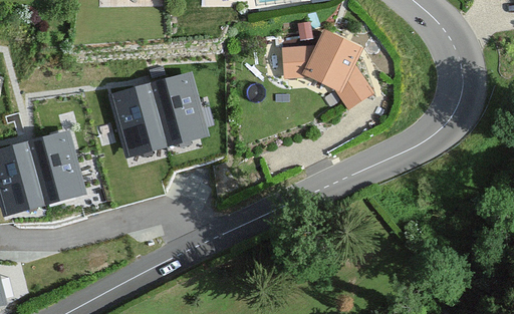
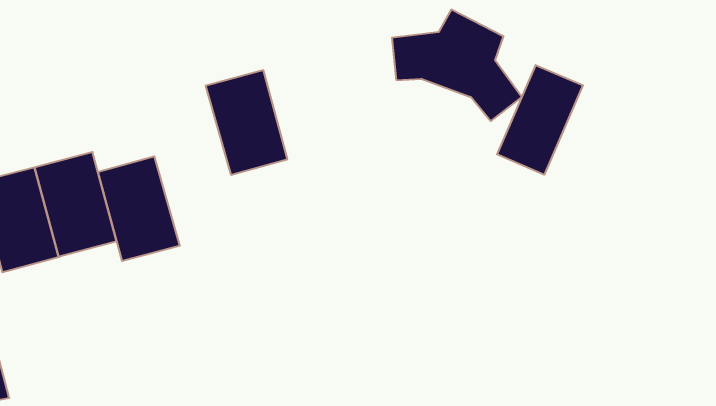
building: none -> [497,65,583,175]
building: [108,83,167,158] -> [98,156,180,261]

